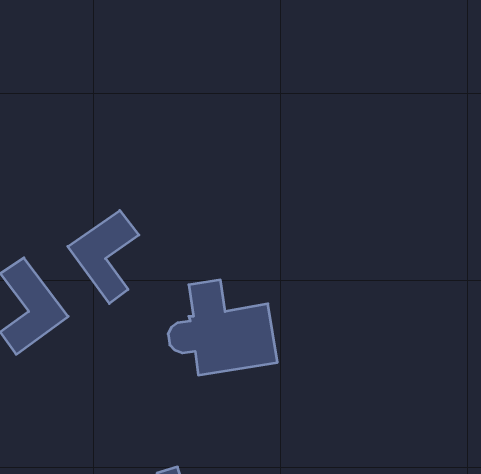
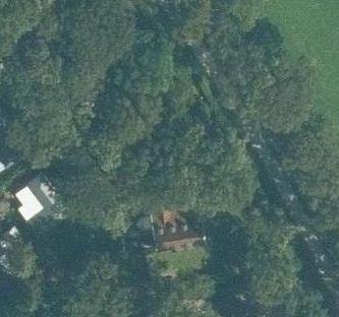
building: [68,210,139,304] -> none

